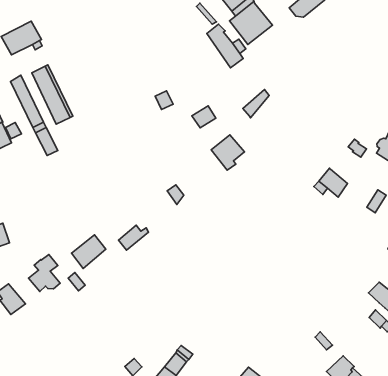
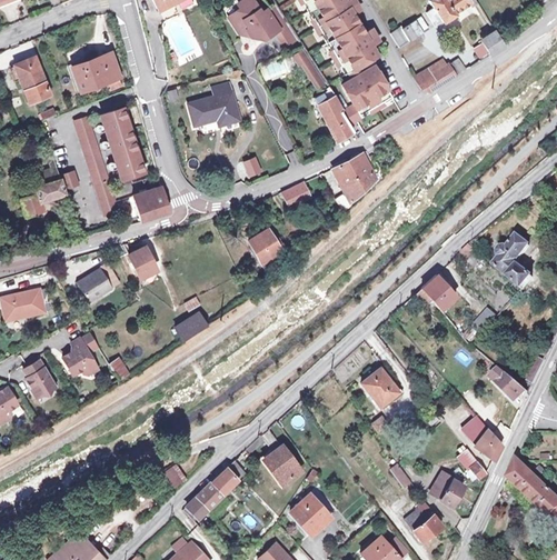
building: none -> [189,84,240,126]
building: none -> [331,154,372,190]
building: none -> [133,188,172,221]
building: [211,135,244,170] -> [248,223,287,264]
building: none -> [130,244,158,277]
building: [71,235,106,268] -> [79,262,120,300]
building: none -> [359,367,397,406]
building: none -> [262,446,299,483]
building: none -> [429,470,462,507]

